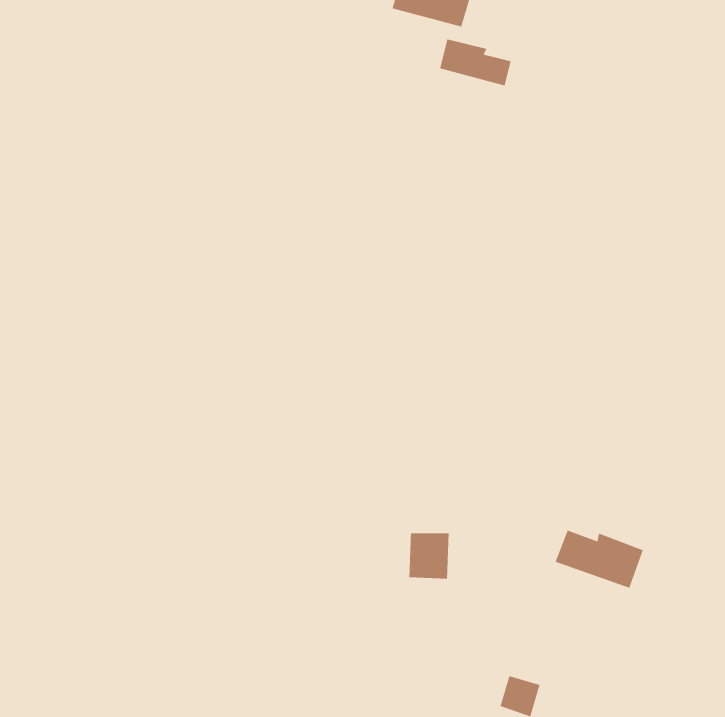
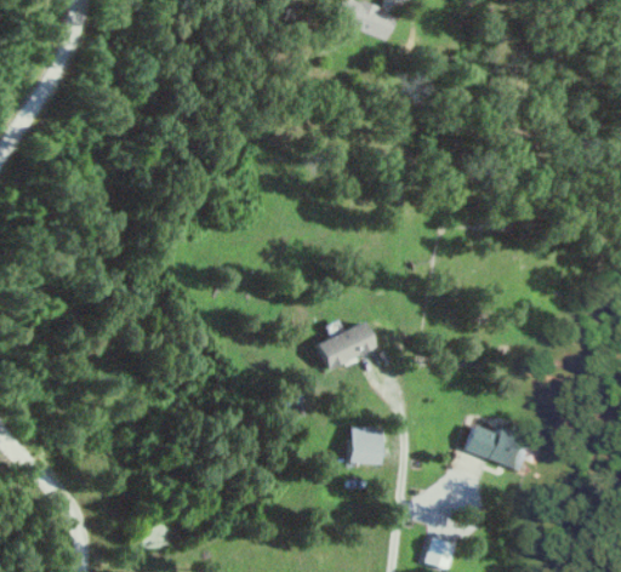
building: [439,39,511,87] -> none
building: none -> [318,322,377,370]

